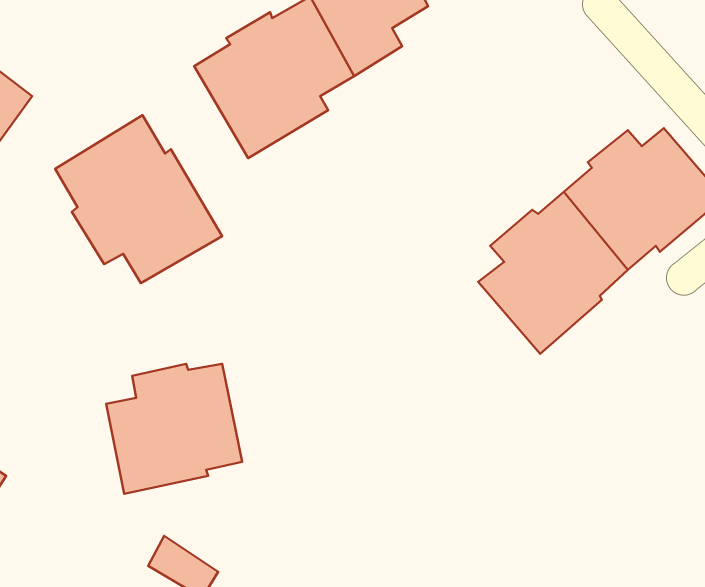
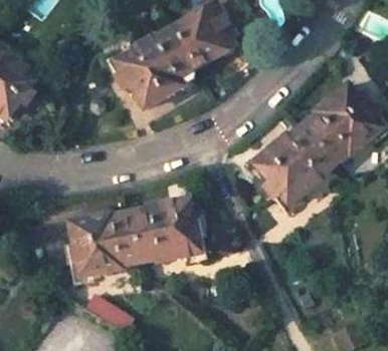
building: [55,115,222,283] -> none
building: none -> [130,201,199,263]

